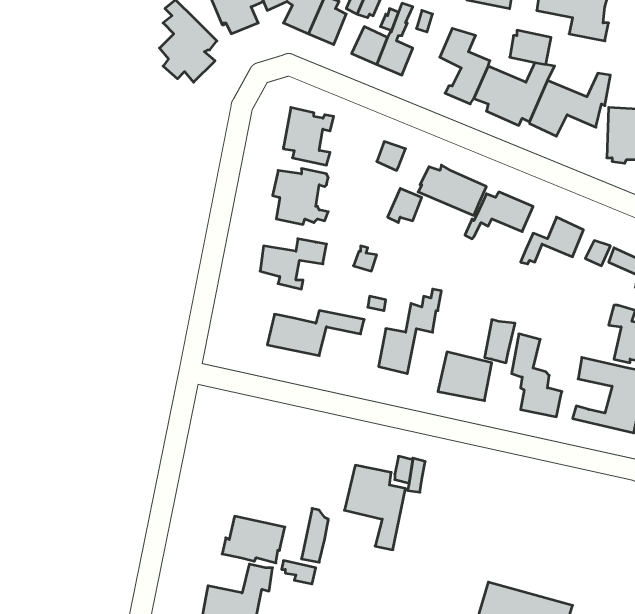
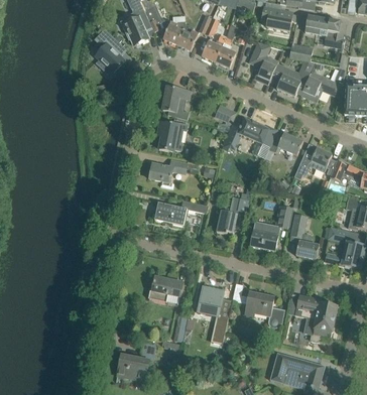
building: none -> [243,290,283,327]
building: none -> [291,294,337,342]
building: [222,516,285,563] -> [147,276,182,302]

